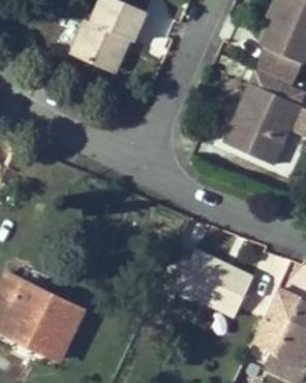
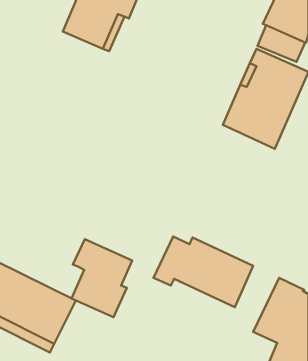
building: none -> [72,239,132,317]

